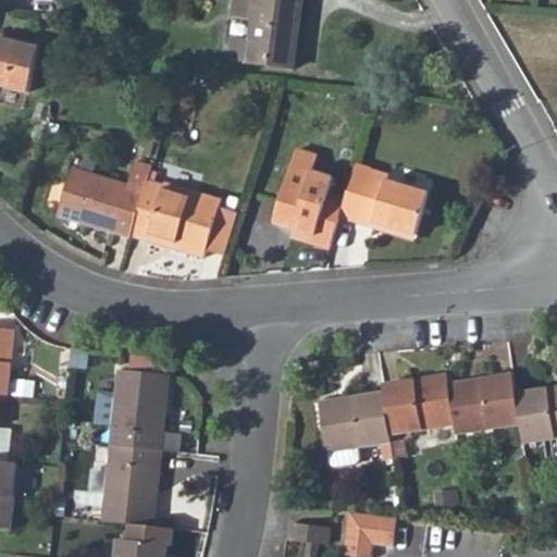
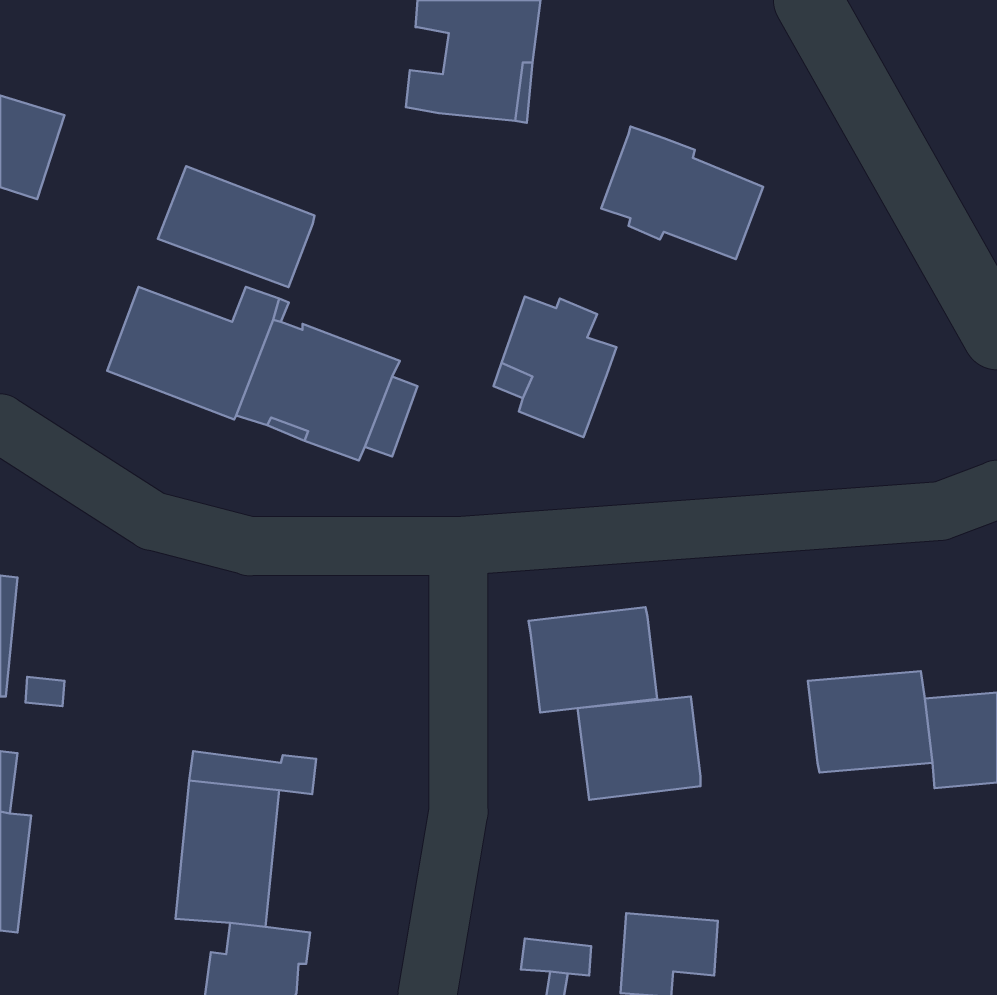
building: none -> [158,166,314,287]
building: [338,164,429,238] -> [601,126,763,259]
building: [108,363,163,426] -> none
building: [384,375,456,434] -> [529,607,657,713]

